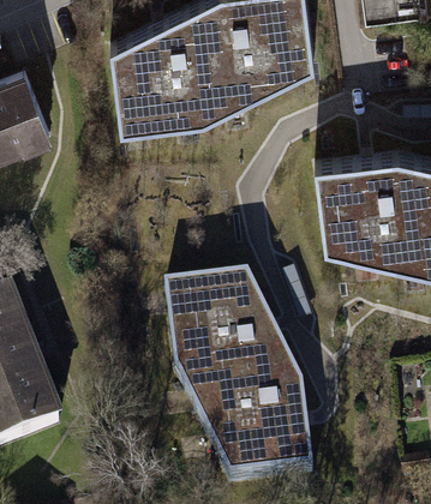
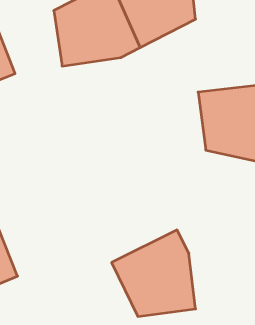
building: [166,282,287,408] -> none

